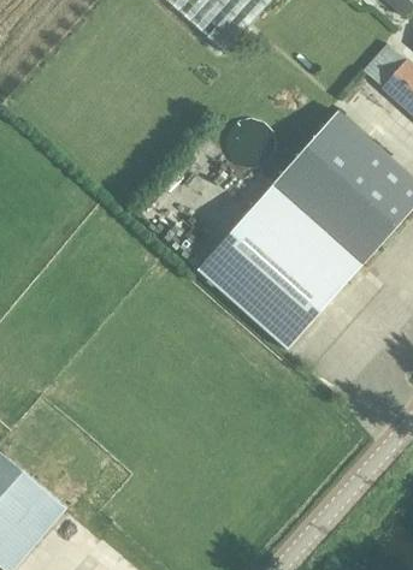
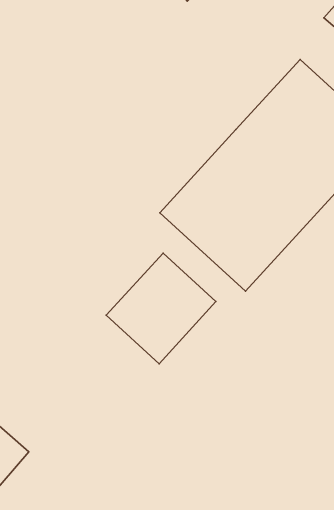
building: none -> [106,253,216,364]

